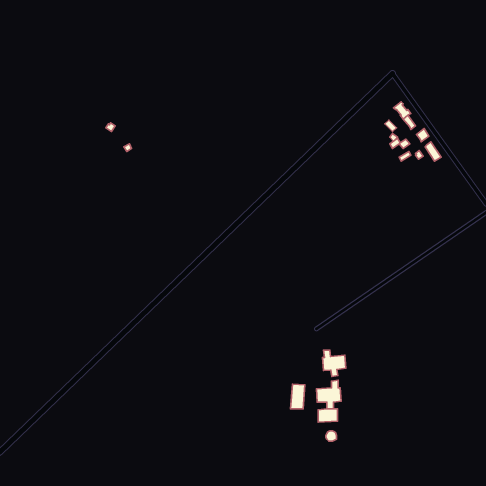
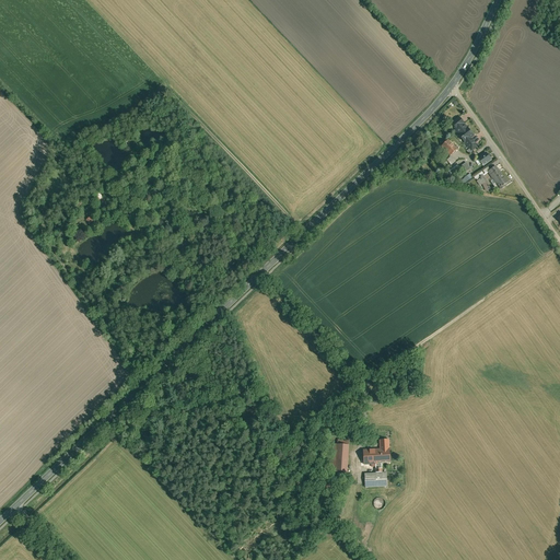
building: [323,350,346,377] -> none

